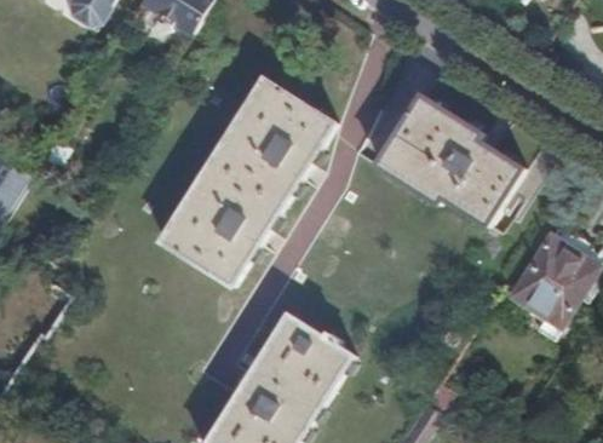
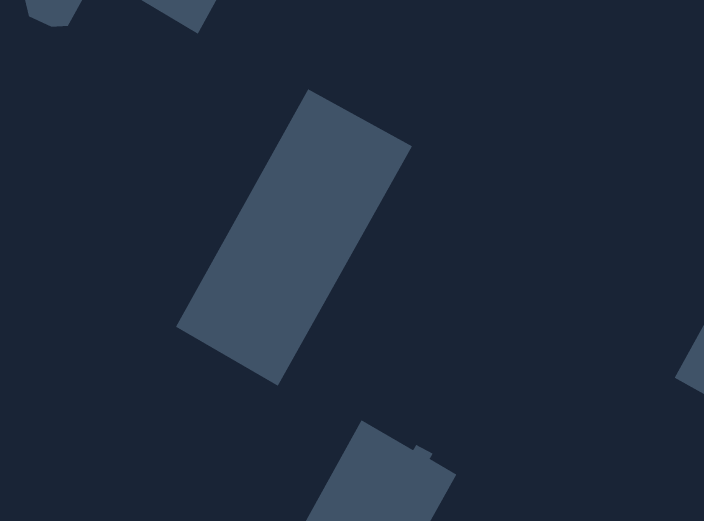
building: [375,94,523,226] -> none

